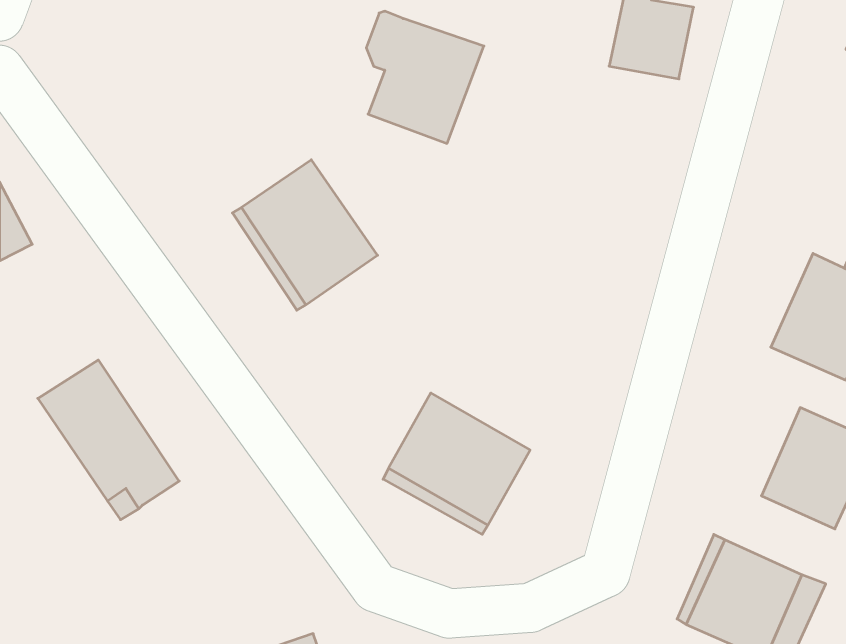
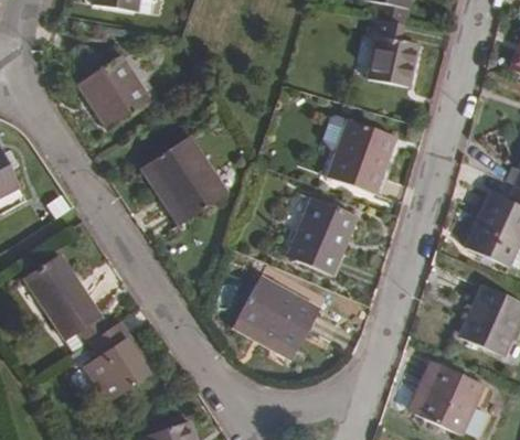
building: [366,11,484,143] -> [325,115,395,194]
building: none -> [76,54,151,129]
building: none -> [286,196,357,275]
building: none -> [83,320,149,401]

